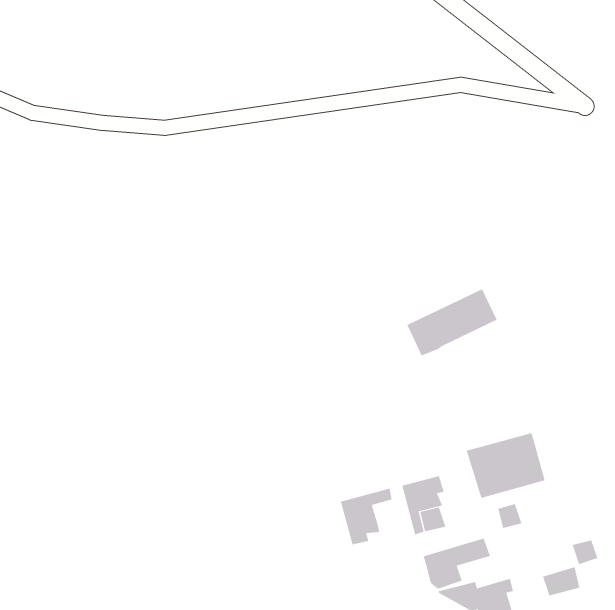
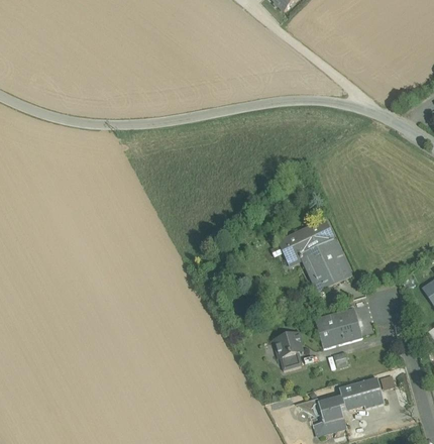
building: none -> [297,238,351,292]
building: [340,488,392,545] -> none
building: [423,538,491,589] -> [339,377,381,409]

